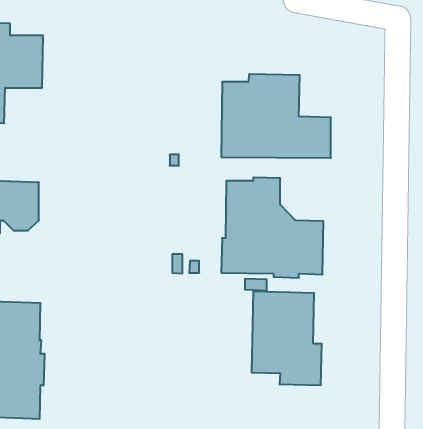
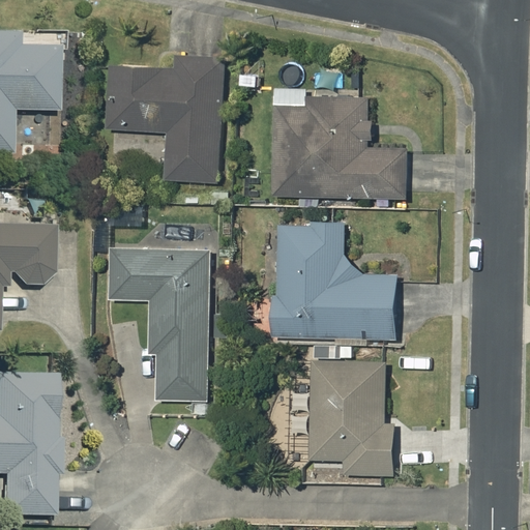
building: none -> [106,54,225,182]
building: none -> [107,247,210,402]

